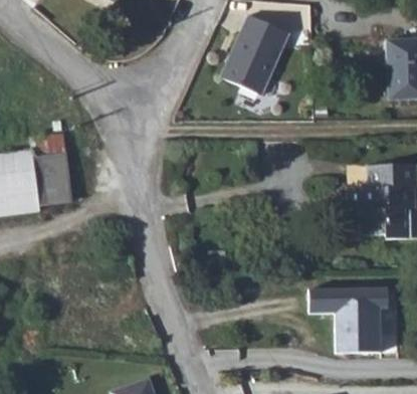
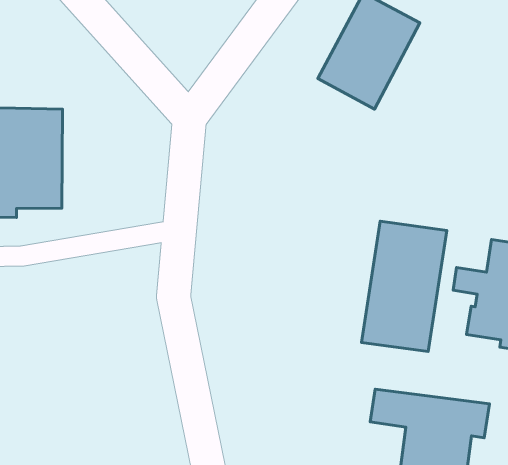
building: none -> [361,221,447,352]

